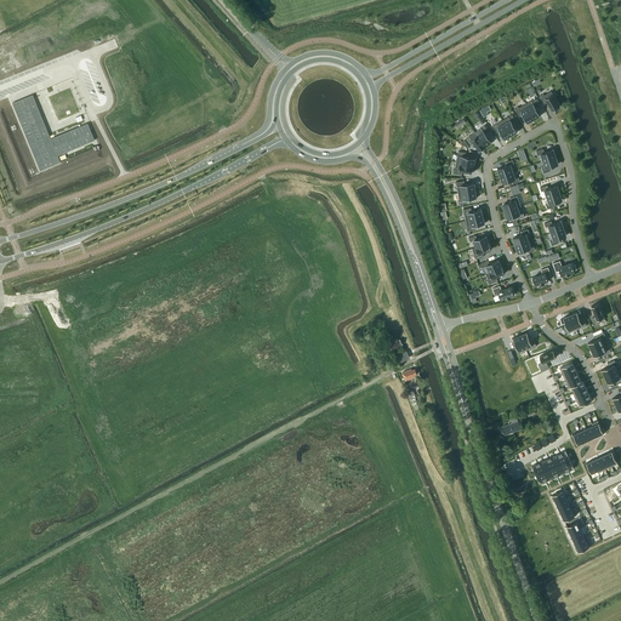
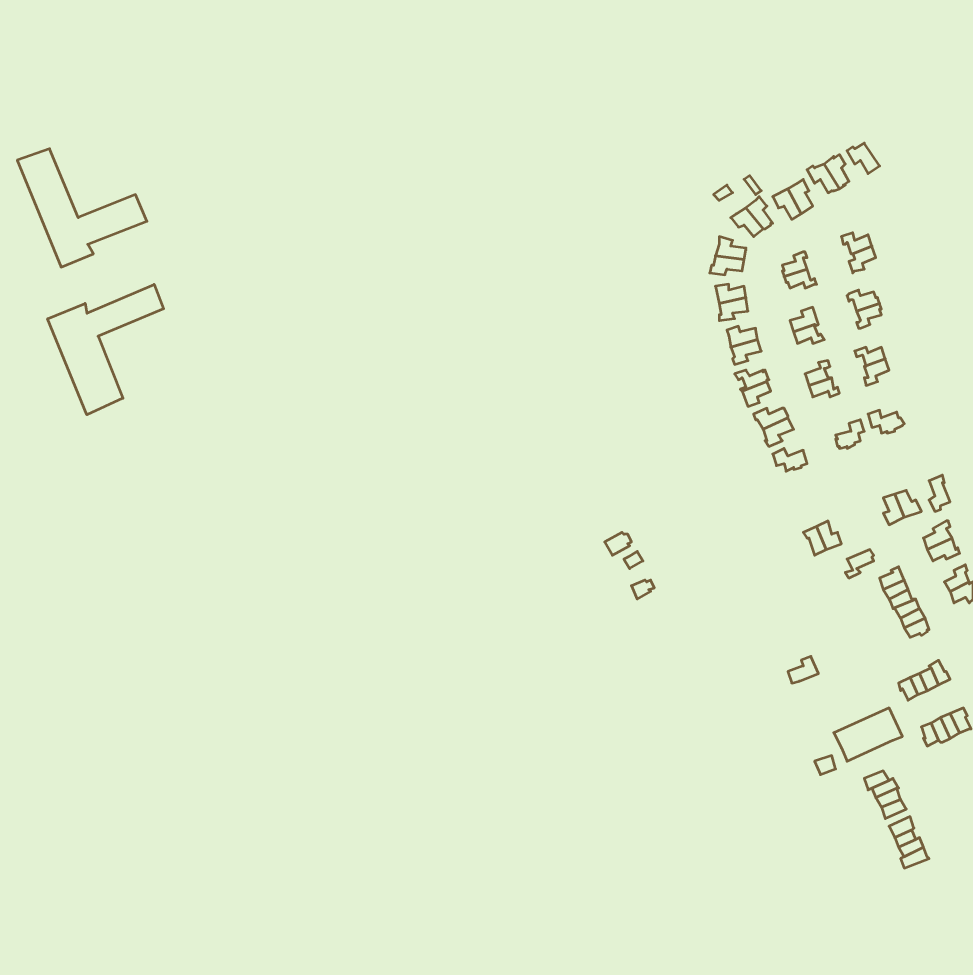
building: none -> [48,284,164,415]

